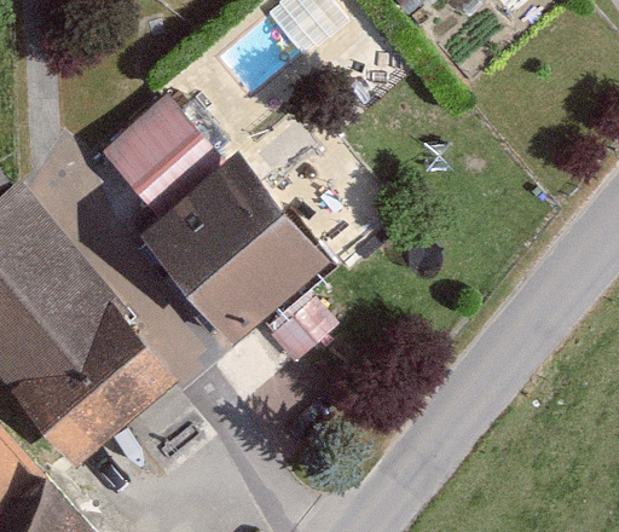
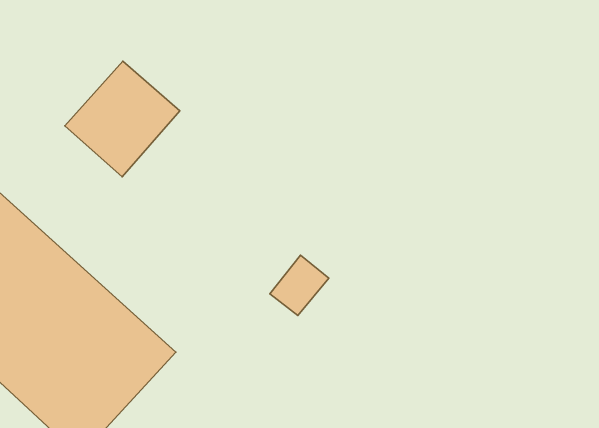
building: [141,154,325,339] -> none

